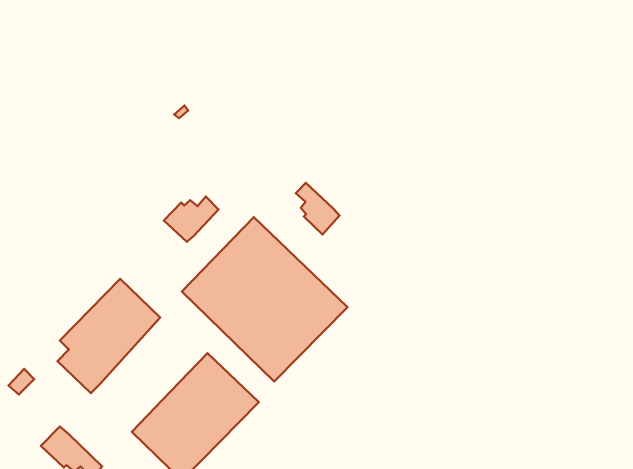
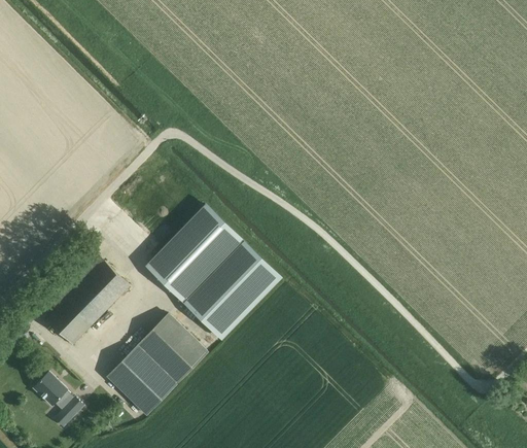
building: [296,183,340,234] -> none
building: [164,197,219,242] -> none

